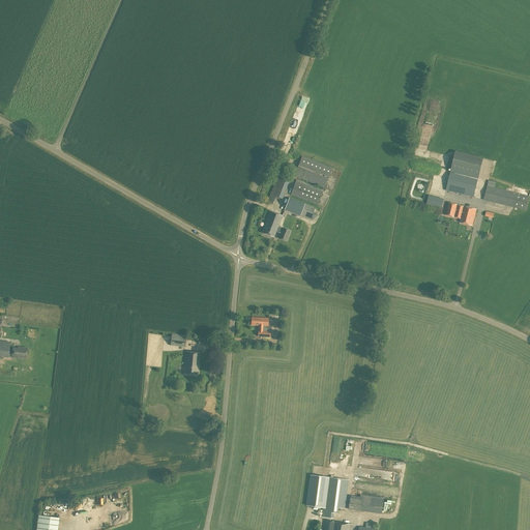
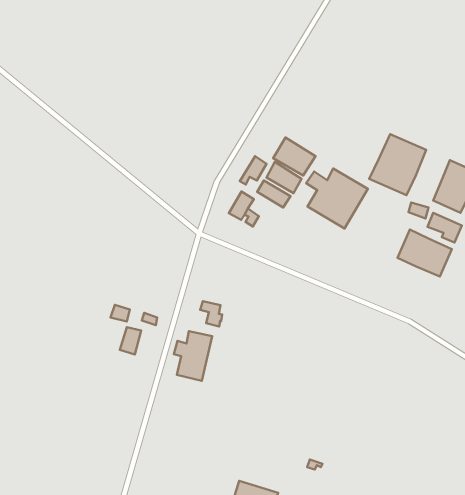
building: none -> [369,134,426,195]
building: none -> [306,168,368,229]
building: none -> [397,230,452,276]
building: none -> [174,331,212,381]

